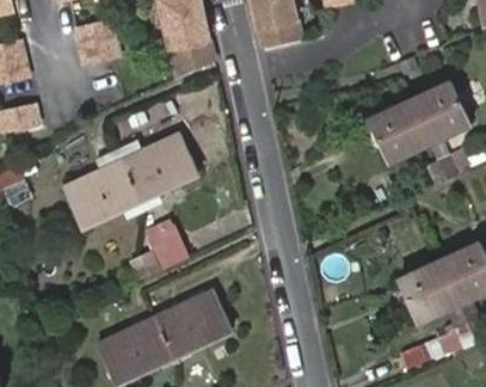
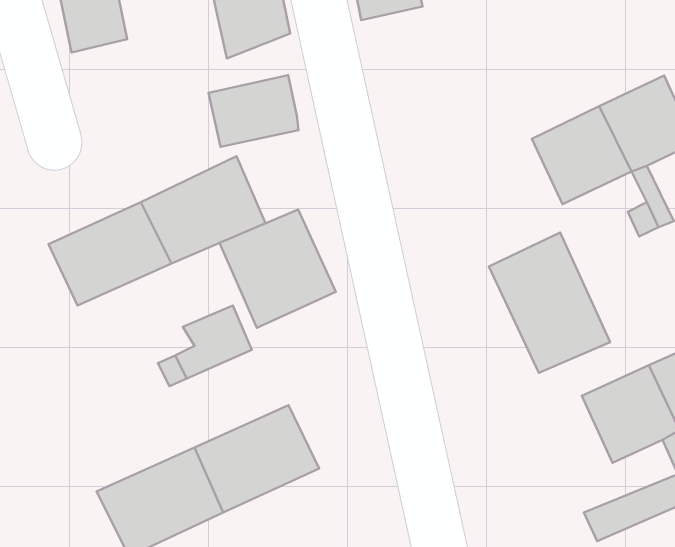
building: none -> [209,75,298,147]
building: none -> [219,209,336,328]
building: none -> [489,233,610,373]

